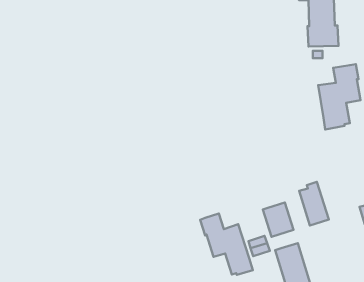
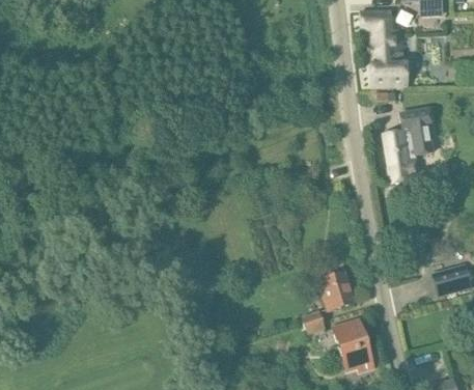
building: [299,182,329,225] -> none
building: [200,213,253,275] -> none

